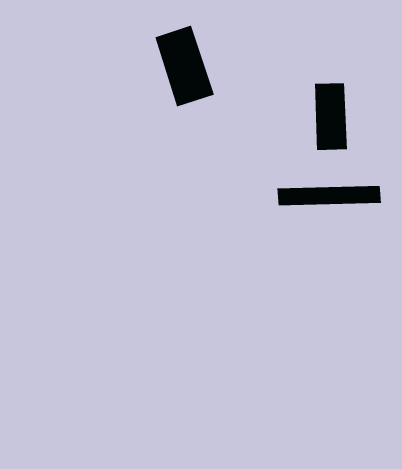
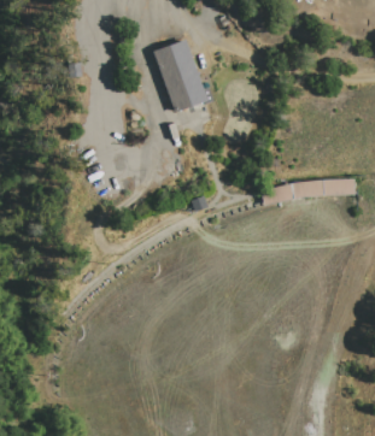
building: [315,83,347,151] -> none

